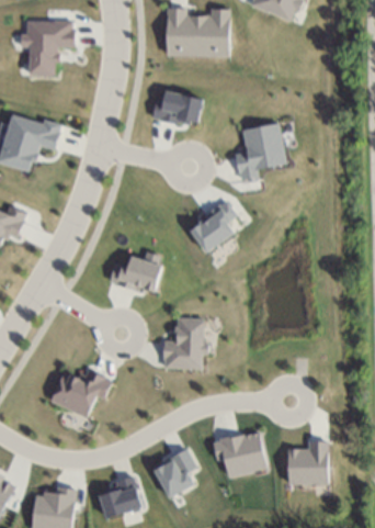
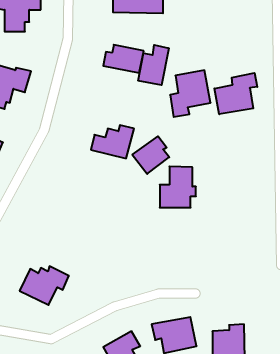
building: none -> [138,45,169,85]
building: none -> [214,73,257,114]
building: [110,251,163,293] -> [91,125,134,158]
building: [163,317,208,369] -> [160,166,196,208]

